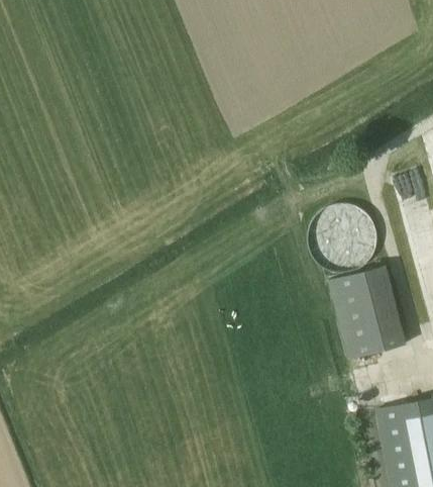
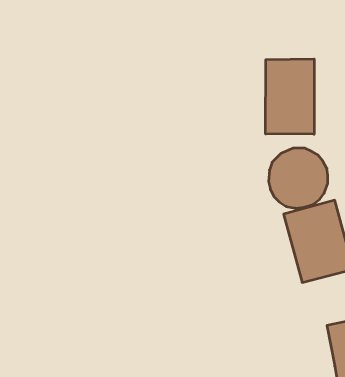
building: none -> [266,59,314,134]

